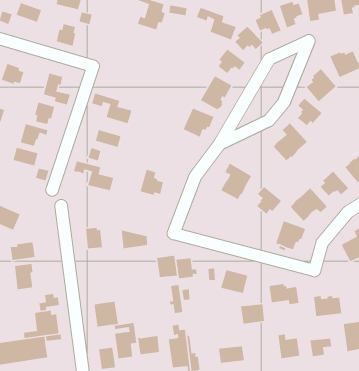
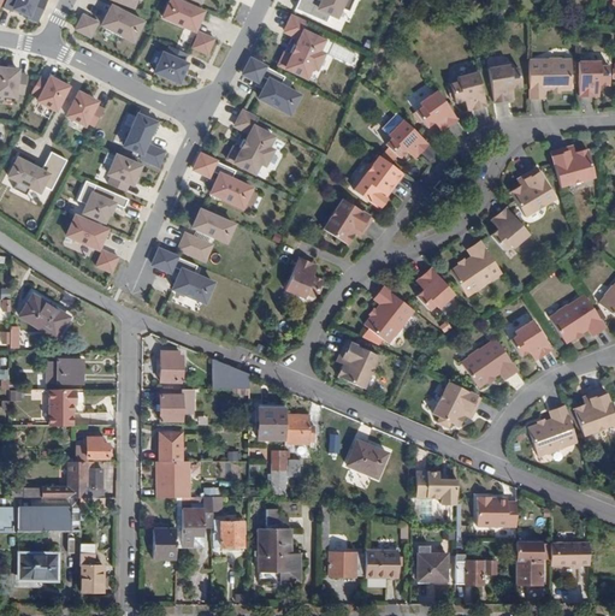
building: [196,7,237,40] -> [244,59,302,114]
building: none -> [227,109,273,172]
building: [140,169,164,196] -> [285,255,323,296]
building: [256,186,282,215] -> [416,266,455,308]
building: none -> [338,338,379,386]
building: none -> [159,387,194,420]
building: none -> [159,431,182,461]
building: [240,303,265,325] -> [365,549,398,576]

